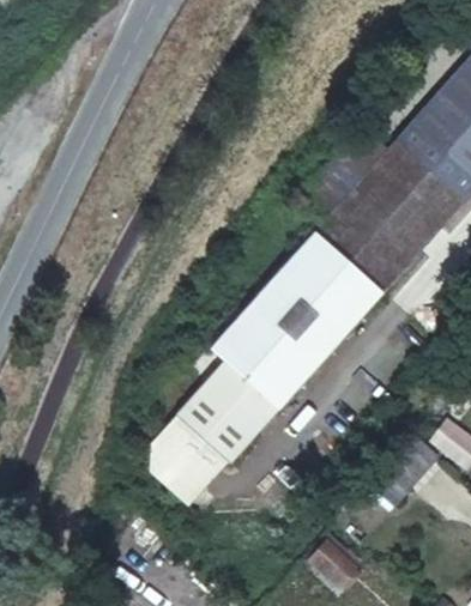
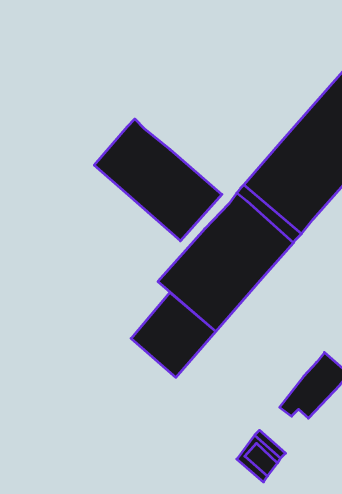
building: none -> [94,119,222,241]
building: [155,416,234,505] -> none

